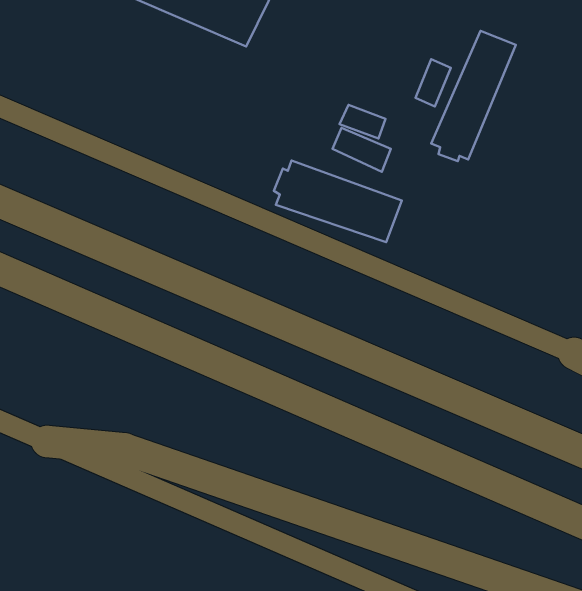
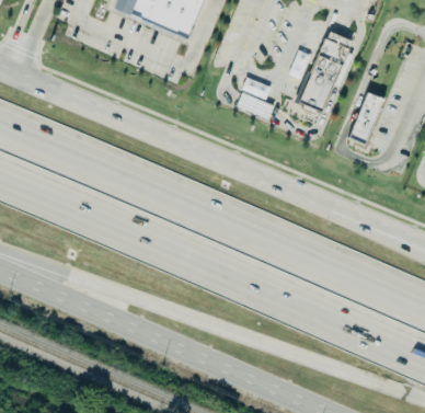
building: none -> [349,92,383,144]
building: [274,160,402,242] -> none

